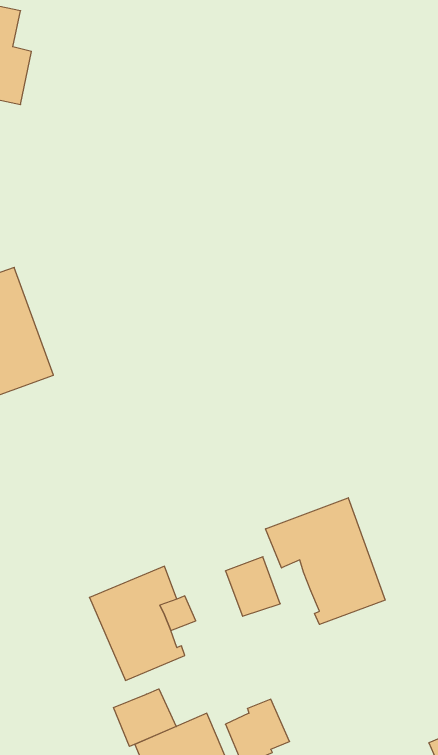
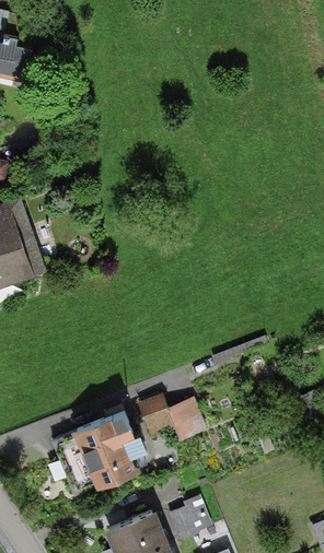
building: [266,498,385,624] -> none
building: none -> [137,397,175,442]
building: [113,689,176,746] -> none

